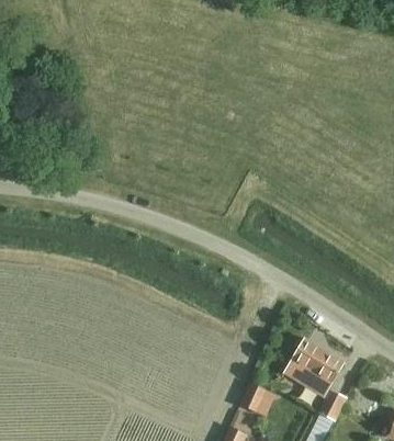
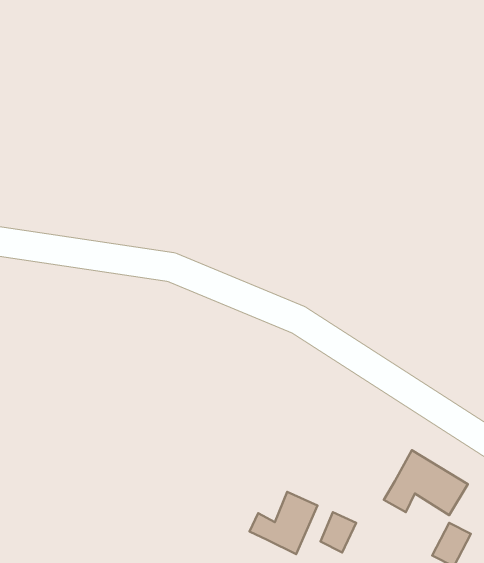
building: none -> [249,492,317,554]

